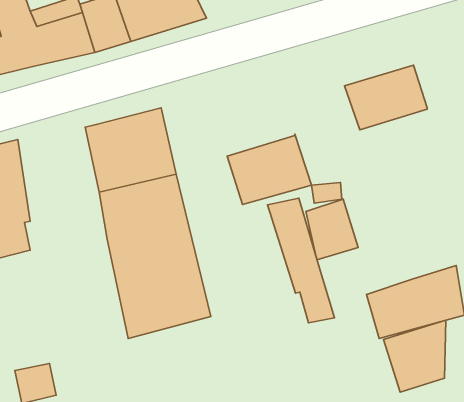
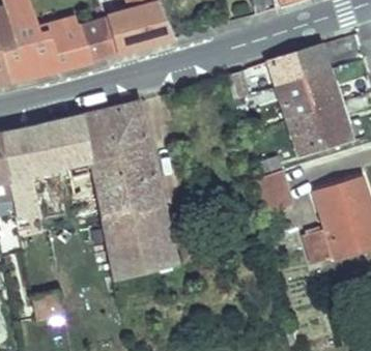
building: none -> [270,45,330,84]
building: none -> [32,115,99,212]
building: [227,134,311,205] -> [289,100,352,153]
building: [267,198,335,323] -> none
building: [384,320,446,392] -> [316,175,363,229]

